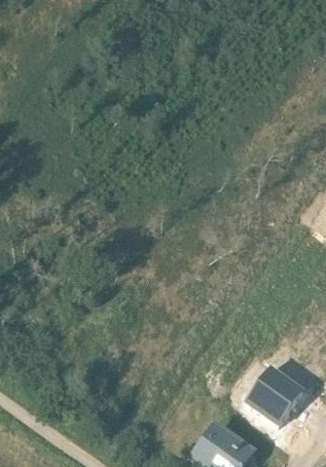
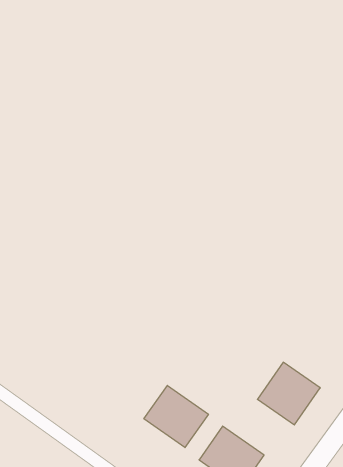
building: none -> [144,385,208,448]

